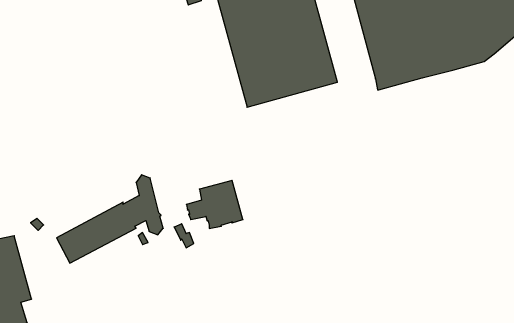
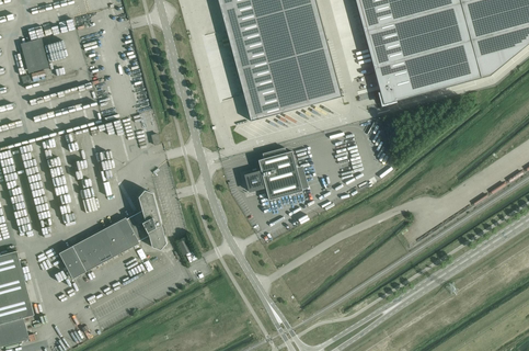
building: none -> [21,37,49,72]
building: [186,180,243,228] -> [245,150,302,199]

